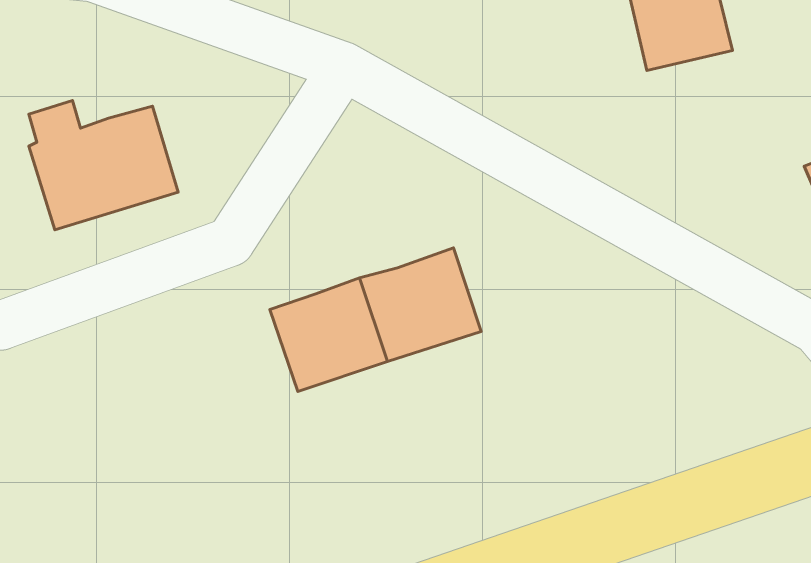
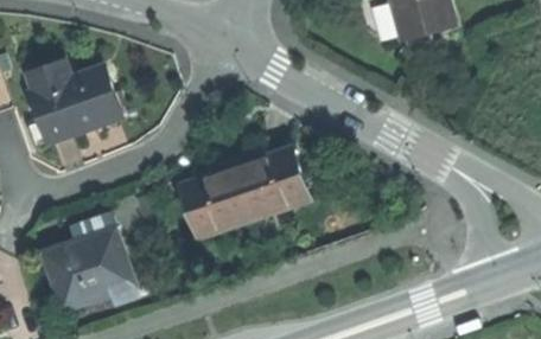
building: none -> [40,225,128,311]

